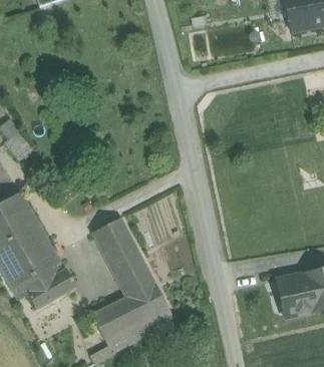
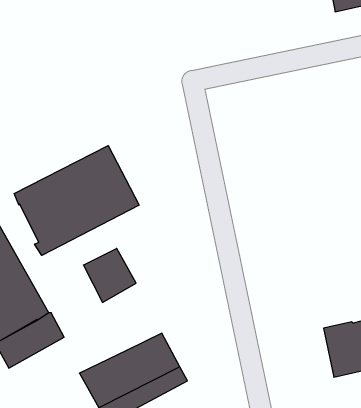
building: none -> [14,146,139,255]
building: [107,244,153,296] -> none

